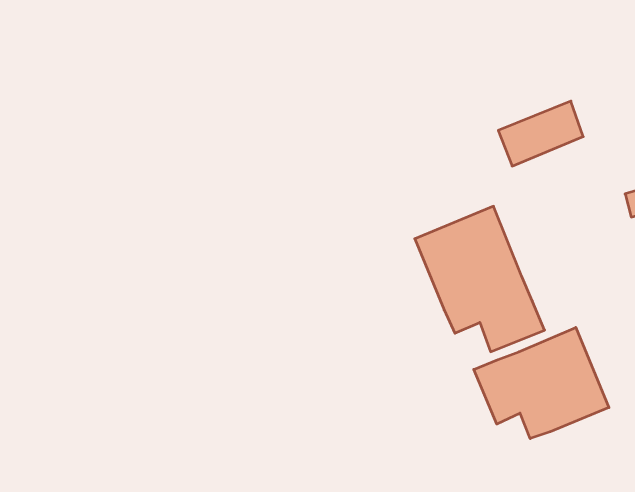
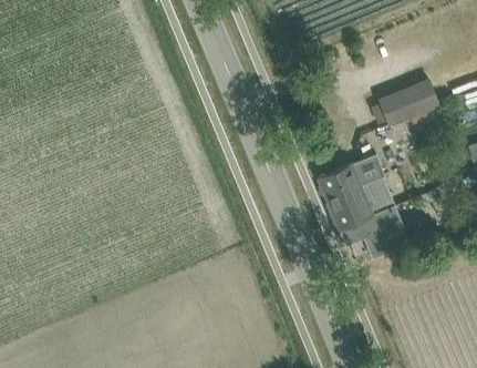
building: [474,327,609,439] -> none

